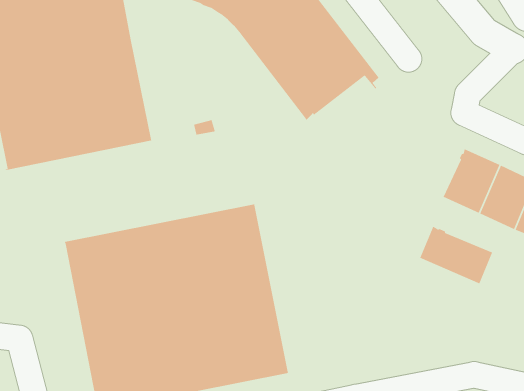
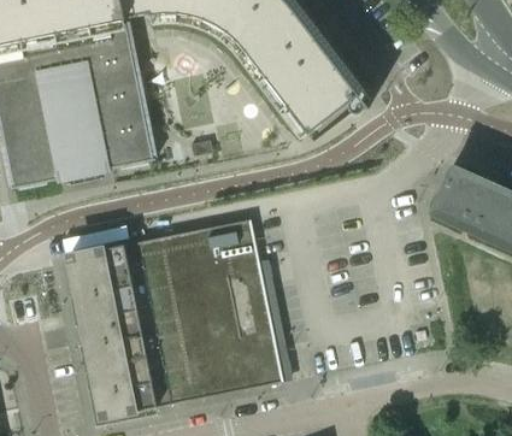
building: [419,226,493,285] -> none

